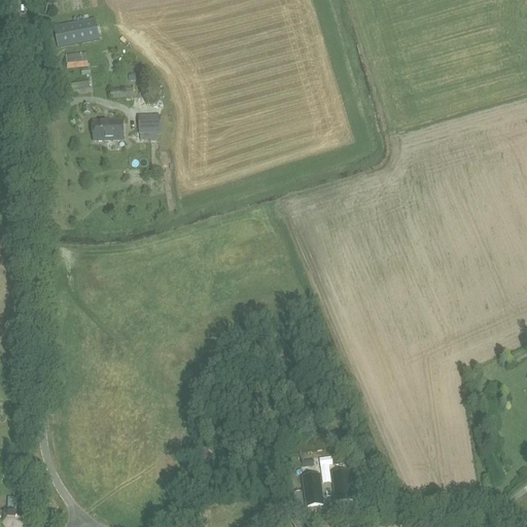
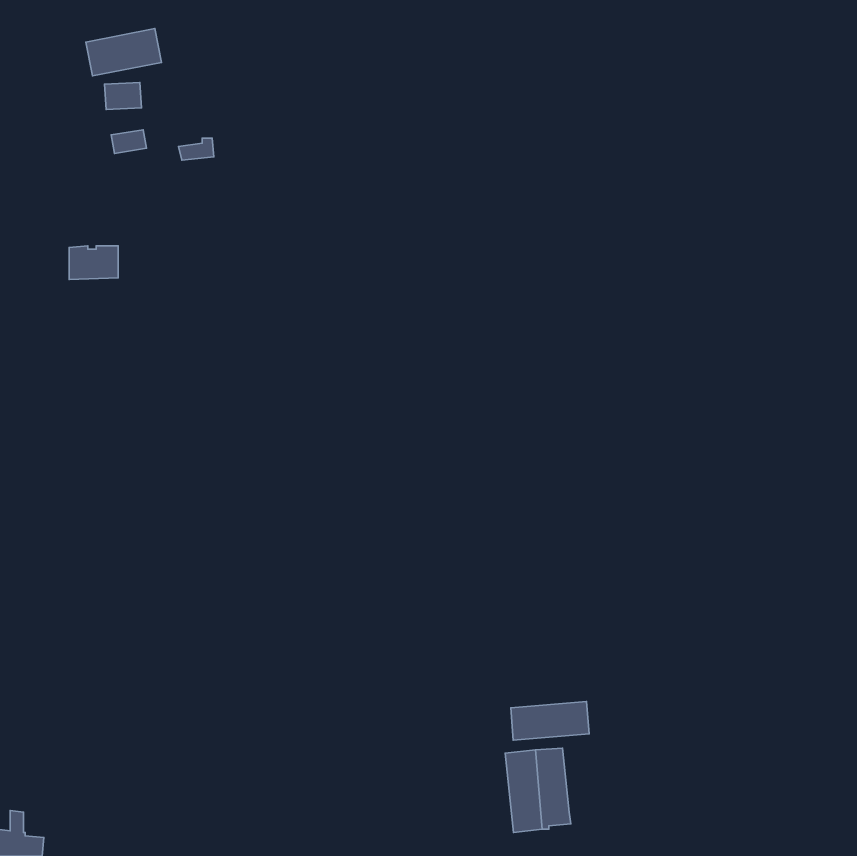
building: [138,114,159,138] -> none
building: [94,118,124,139] -> [69,246,118,279]
building: none -> [511,702,589,740]

